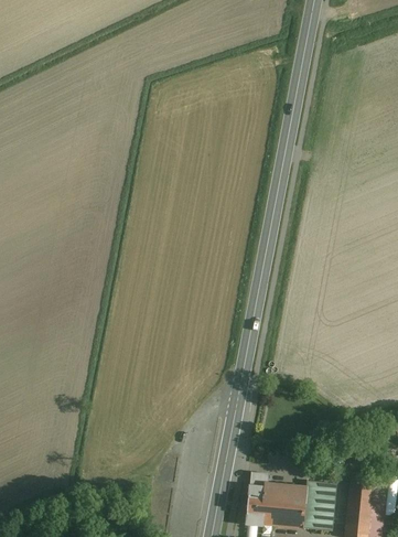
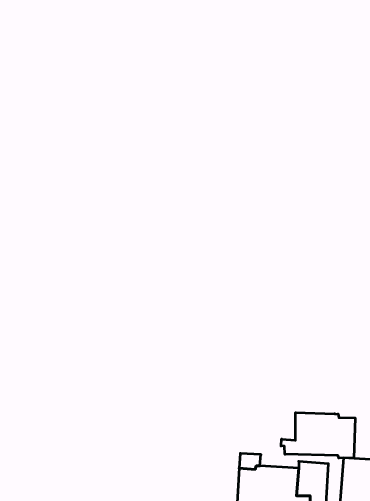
building: none -> [281,413,355,458]

